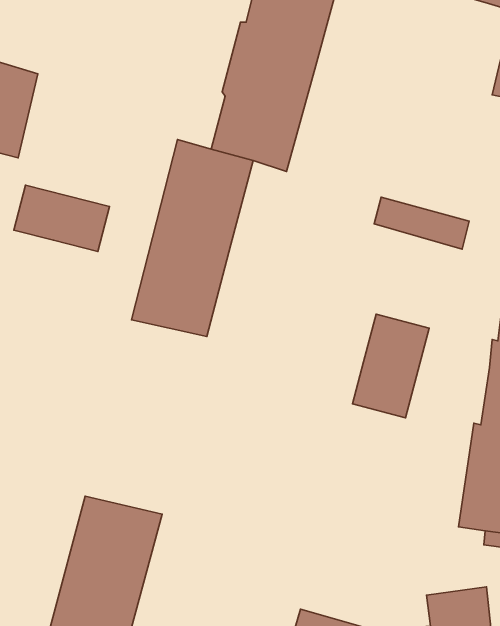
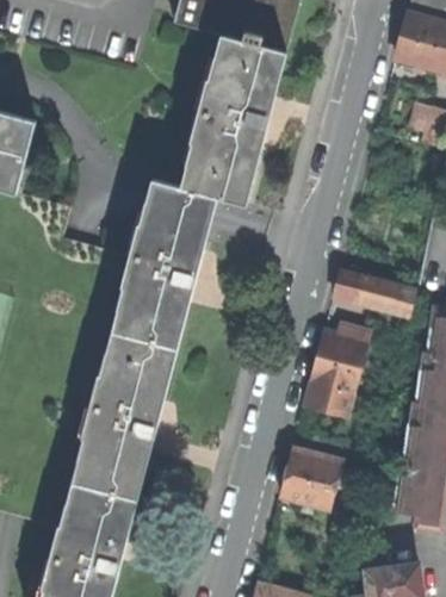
building: [14,185,110,252] -> none
building: [374,197,469,249] -> [333,269,414,313]
building: none -> [74,332,178,498]
building: none -> [280,433,346,506]

